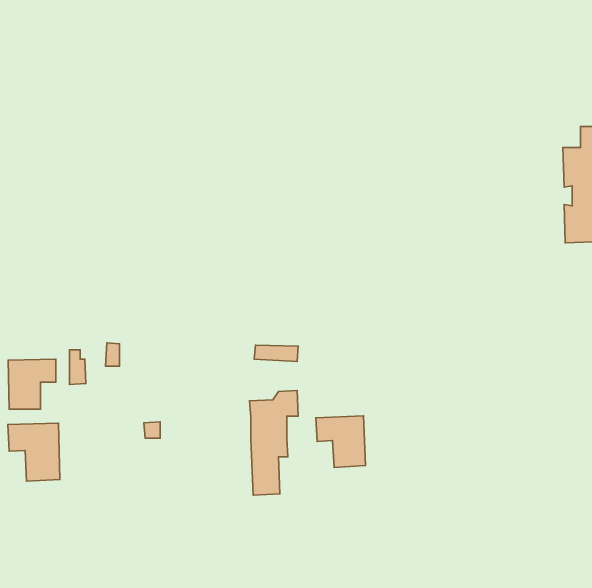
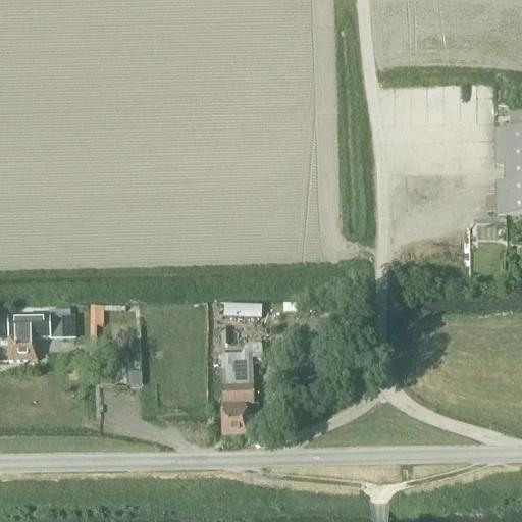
building: [316,416,366,468] -> none
building: [8,423,60,481] -> none

